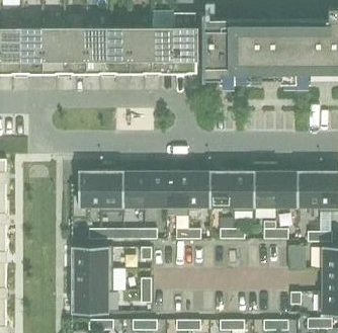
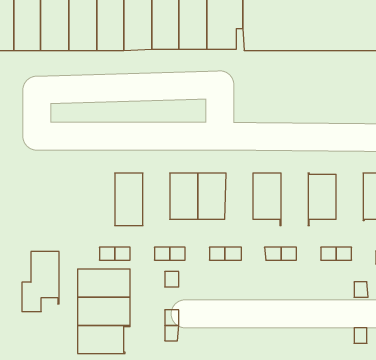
building: [71,170,100,218] -> [22,252,59,312]
building: [122,170,144,206] -> none
building: [187,170,209,207] -> none
building: [232,170,253,212] -> none
building: [275,171,297,206] -> none

